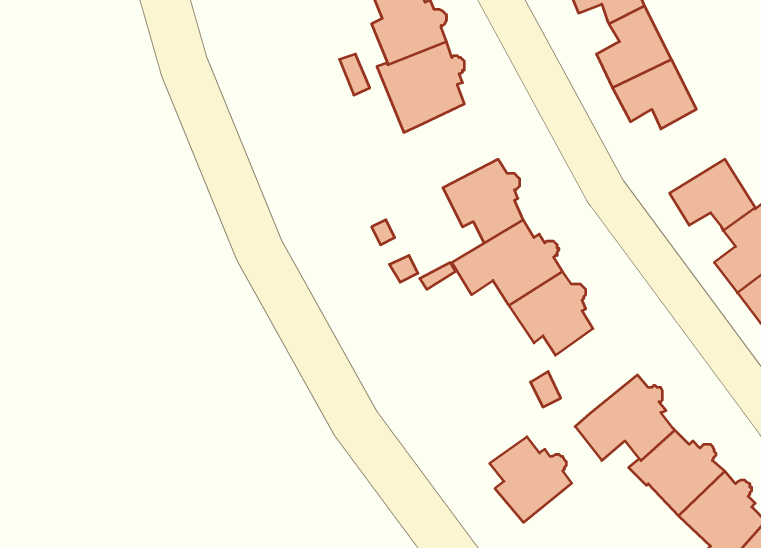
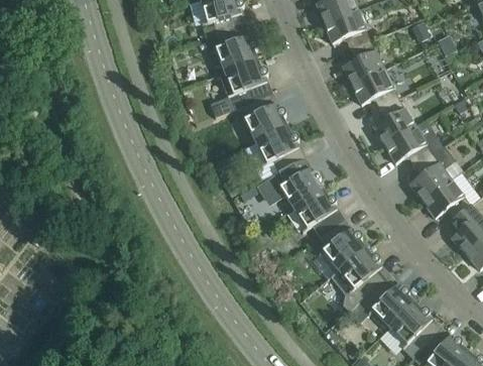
building: none -> [244,95,286,142]
building: none -> [373,98,414,145]
building: [490,437,572,522] -> [319,222,365,270]

